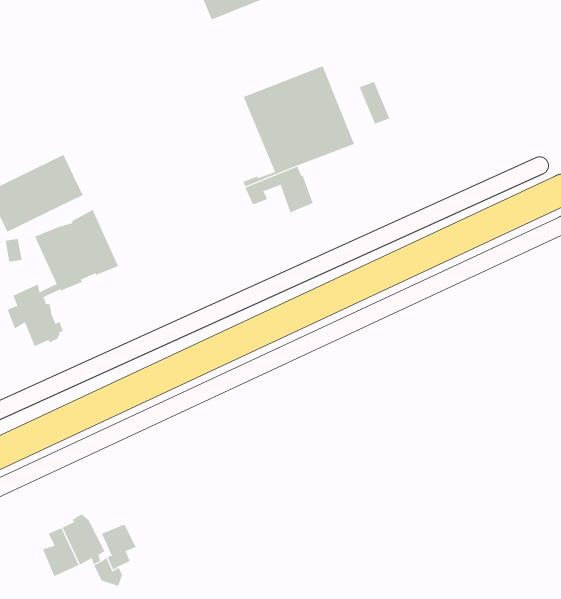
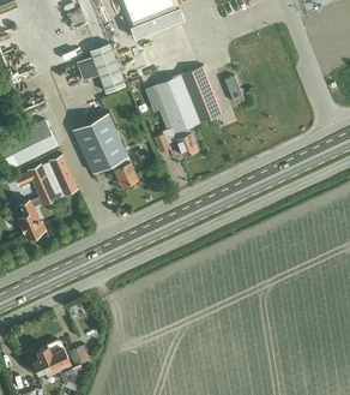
building: none -> [90,44,125,94]
building: none -> [72,114,137,187]

